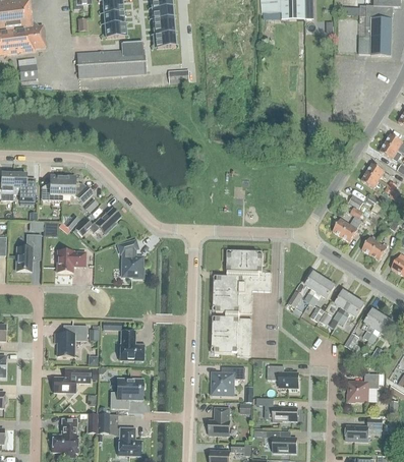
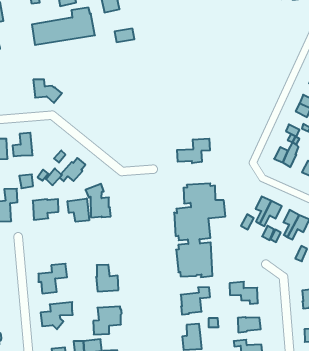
building: [62,174,93,203] -> [33,79,62,103]
building: none -> [177,139,210,163]
building: none -> [68,198,89,222]

